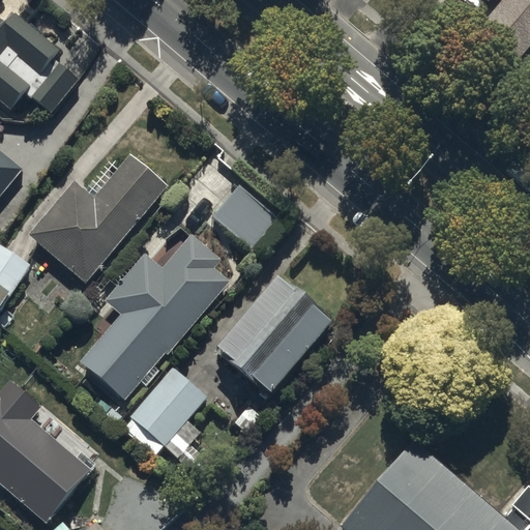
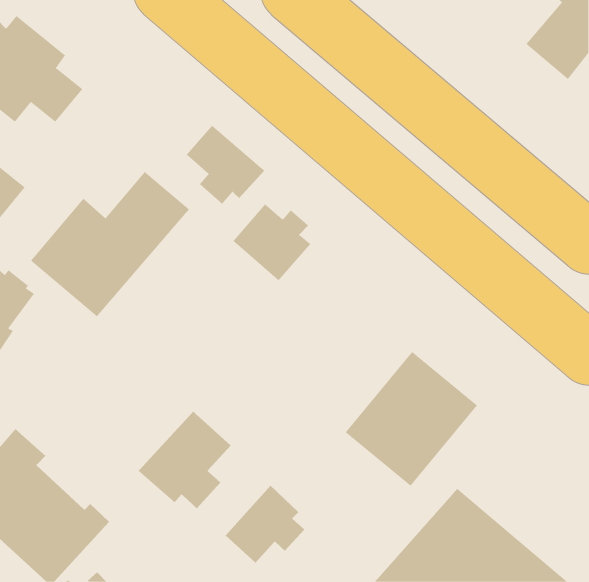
building: none -> [186,125,265,205]
building: [80,233,229,400] -> none
building: [215,278,334,400] -> [345,351,478,486]
building: none -> [225,485,305,563]

